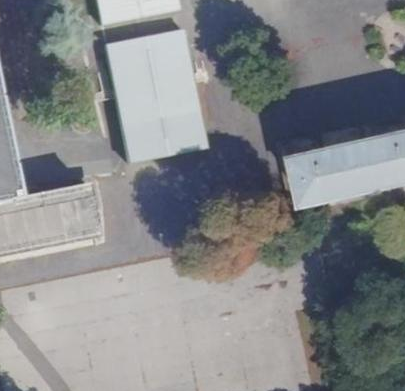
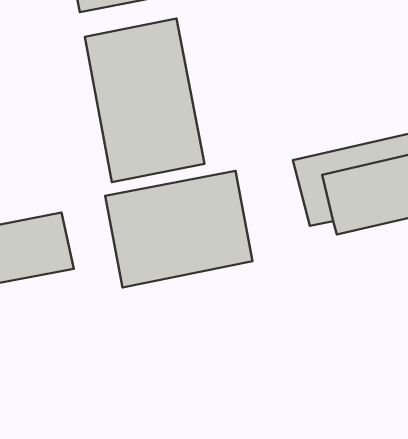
building: none -> [105,171,252,287]

